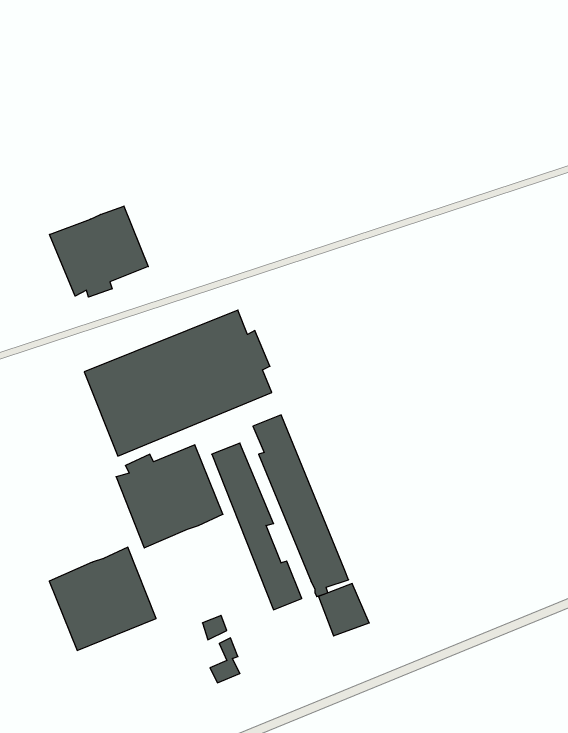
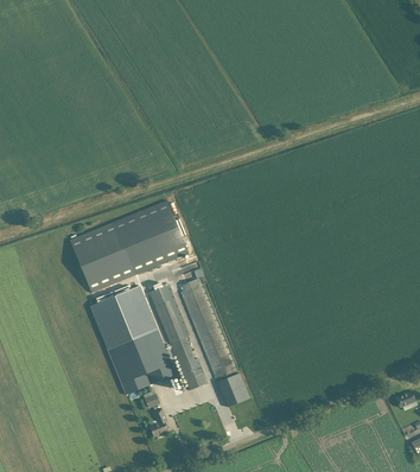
building: [50,206,148,297] -> none
building: [49,547,156,650] -> [108,330,176,395]

